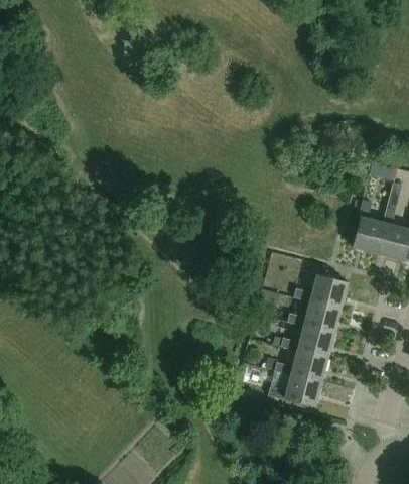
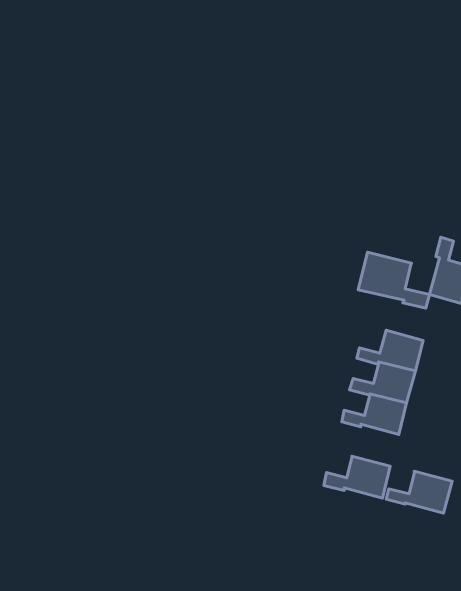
building: none -> [358,252,429,308]
building: [275,348,327,381] -> [386,471,452,513]

